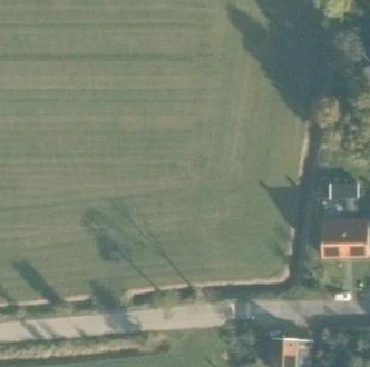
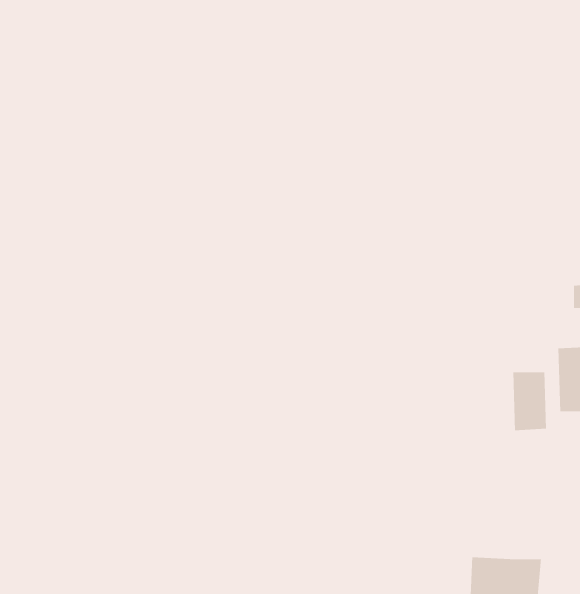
building: none -> [513,372,547,431]

